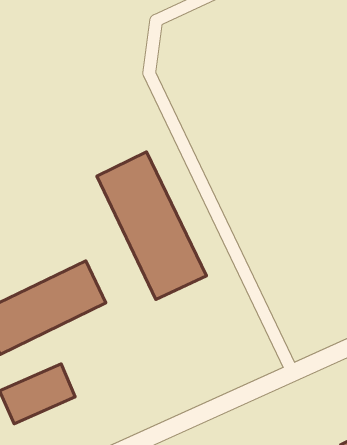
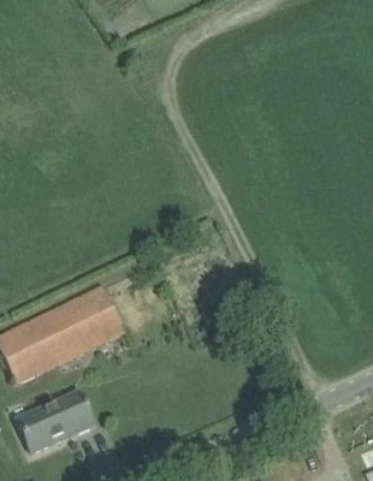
building: [97,152,206,299] -> none

